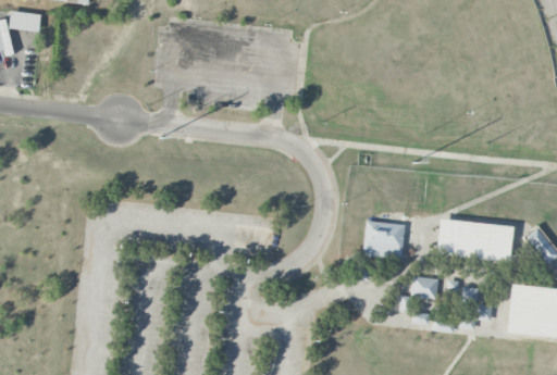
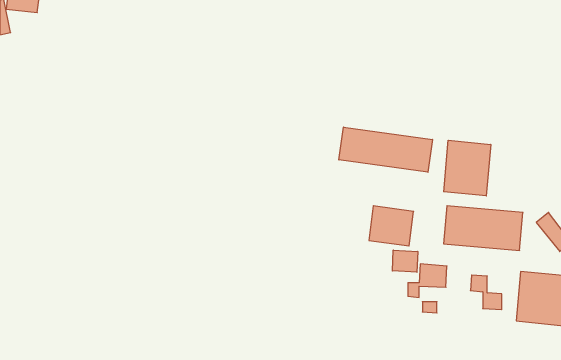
building: none -> [339,127,432,172]
building: none -> [444,140,491,196]
building: none -> [392,250,418,272]

